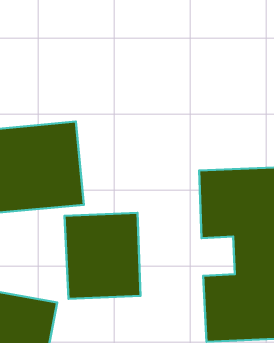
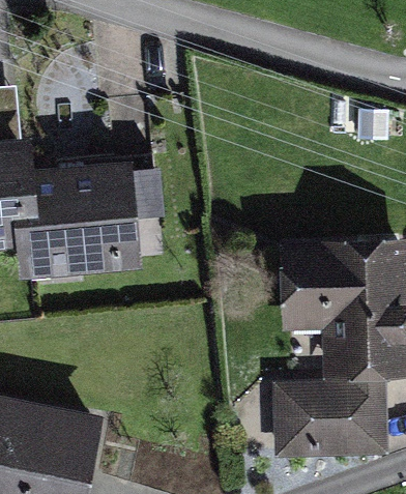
building: [65,213,141,299] -> none

